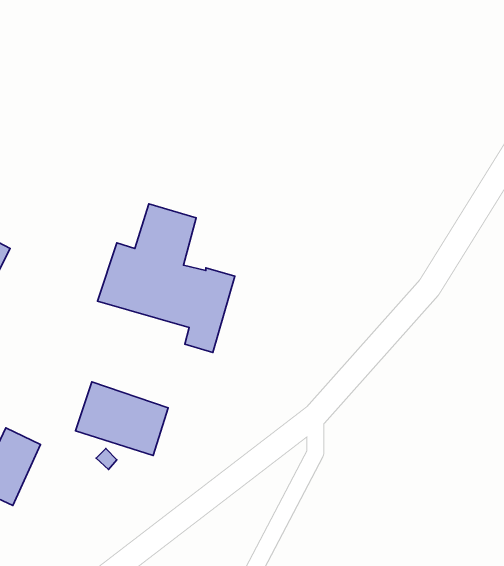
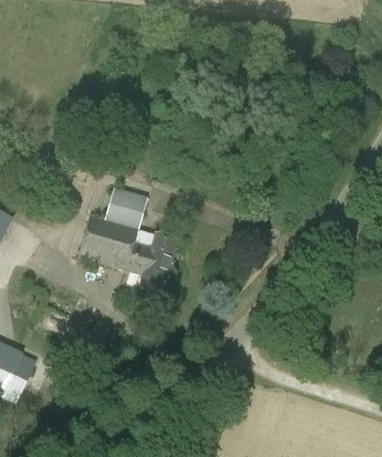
building: [76,382,168,456] -> none

